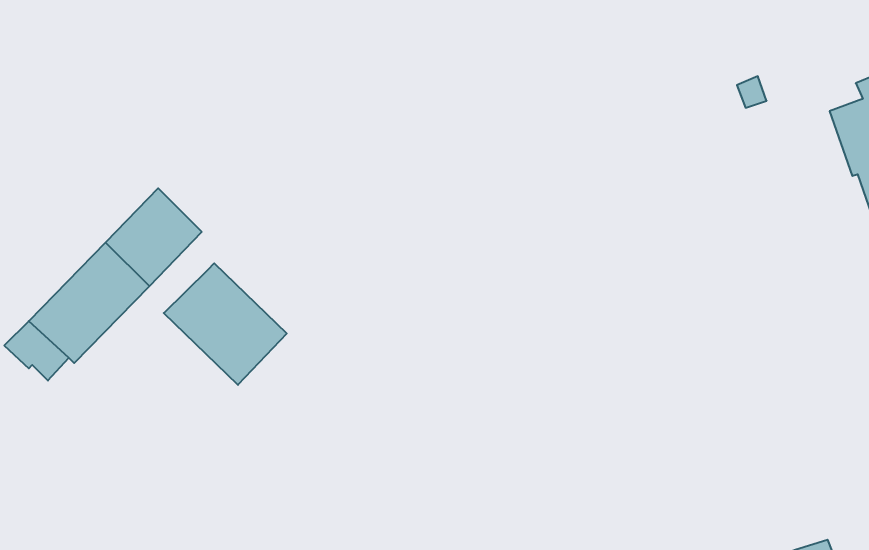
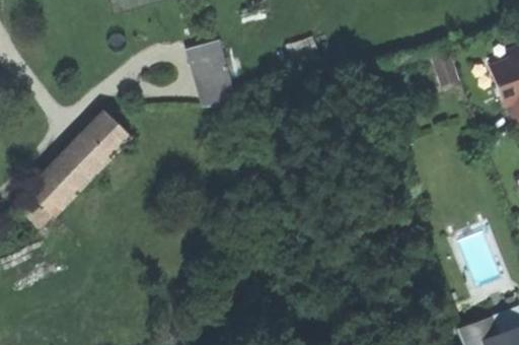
building: none -> [192,34,237,105]
building: [164,263,287,385] -> none

